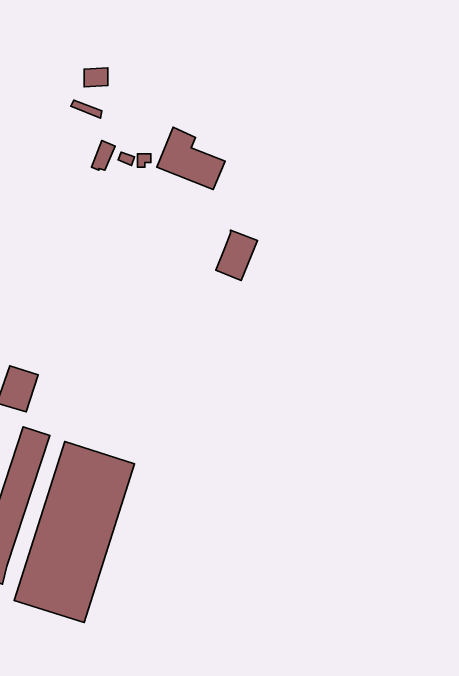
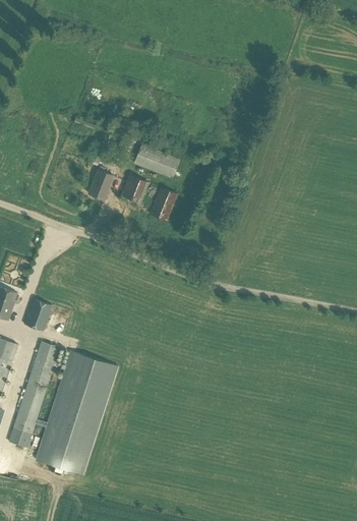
building: none -> [87,170,113,199]
building: none -> [120,175,148,204]
building: [216,230,257,280] -> [148,186,177,221]

